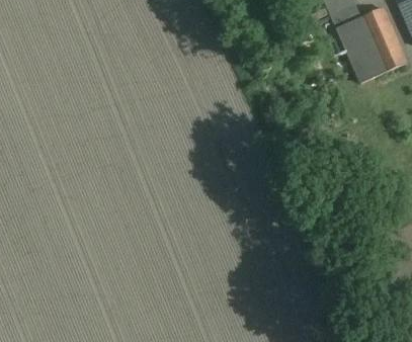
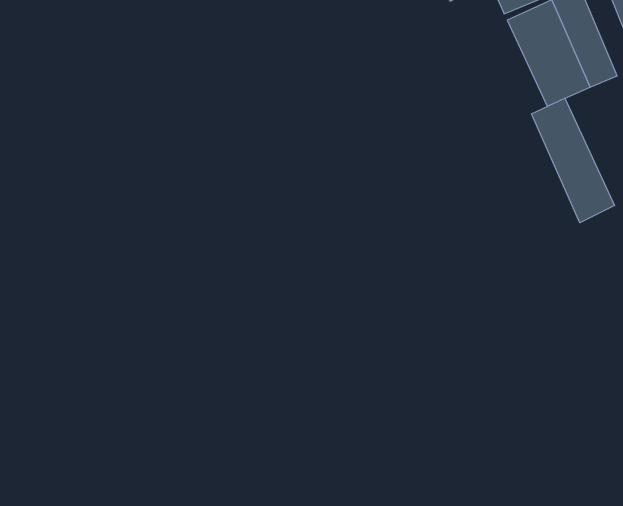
building: none -> [532,98,614,223]

